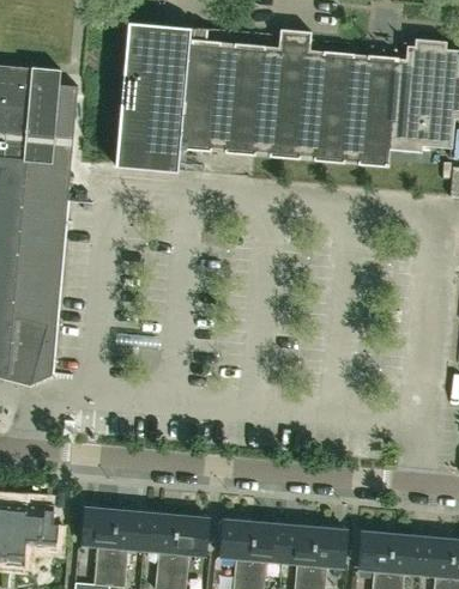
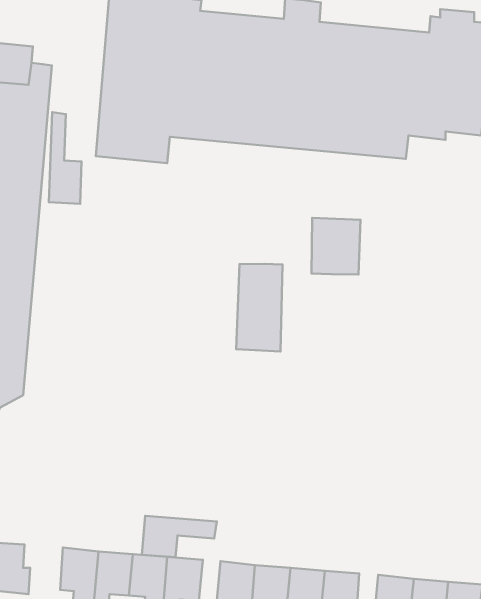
building: none -> [49,112,82,204]
building: none -> [312,218,361,275]
building: none -> [236,264,283,351]
building: none -> [142,516,217,557]

